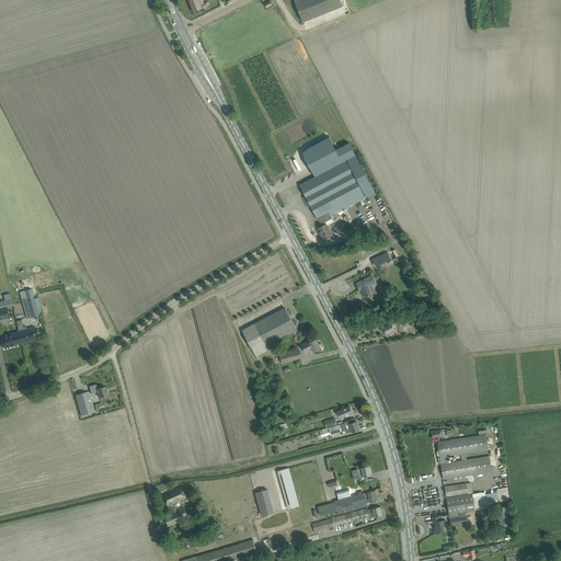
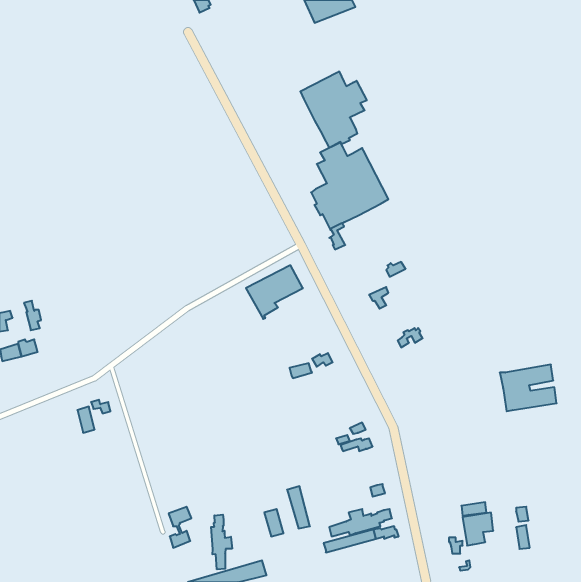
building: none -> [300,71,367,148]
building: [241,308,296,359] -> [246,265,303,319]
building: [436,434,491,479] -> [500,365,557,411]
building: none -> [211,515,232,569]

